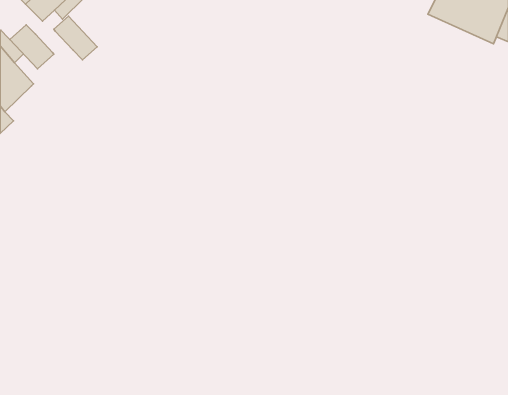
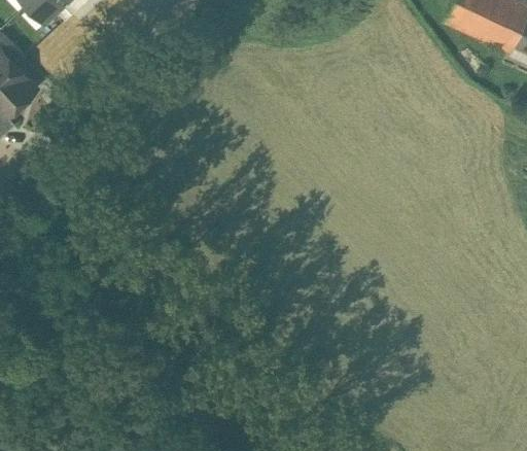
building: [54,16,97,60] -> none
building: [10,25,54,69] -> none

